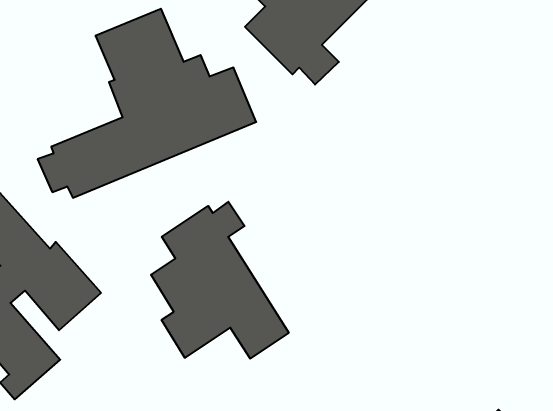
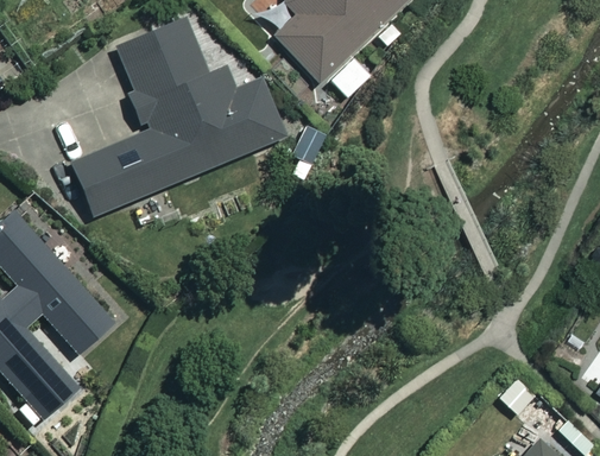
building: [151,202,289,359] -> none

